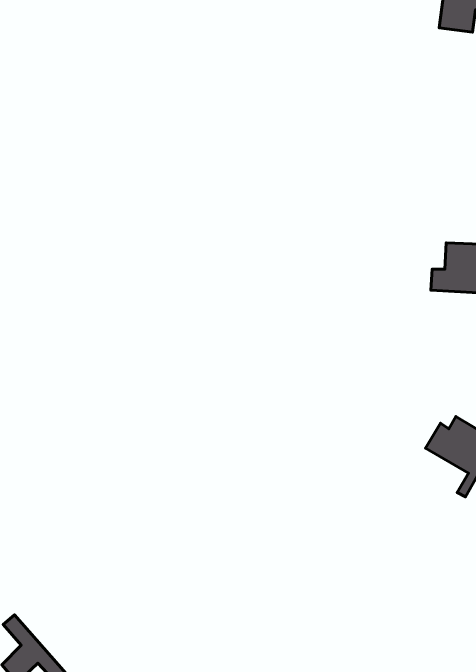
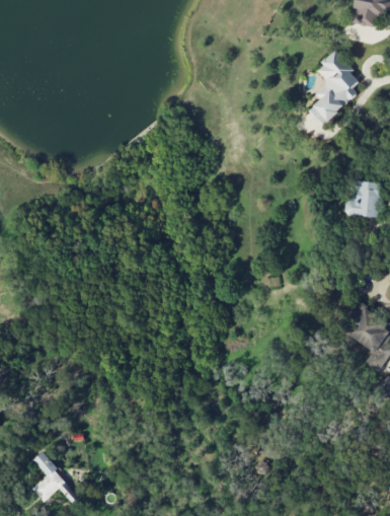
building: none -> [309,50,359,125]

